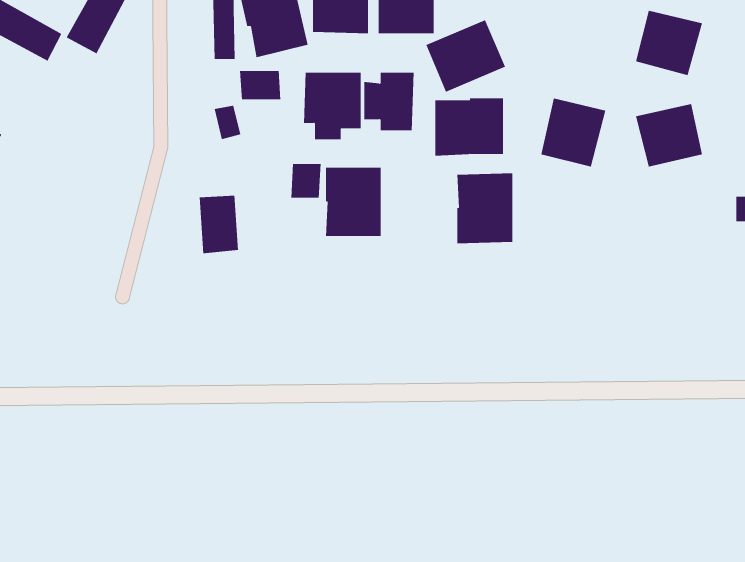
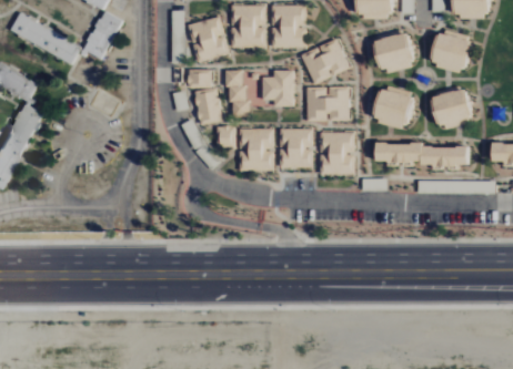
building: none -> [372,32,413,72]
building: none -> [281,127,314,166]
building: none -> [374,144,471,164]
building: [199,195,239,254] -> [198,88,222,123]

